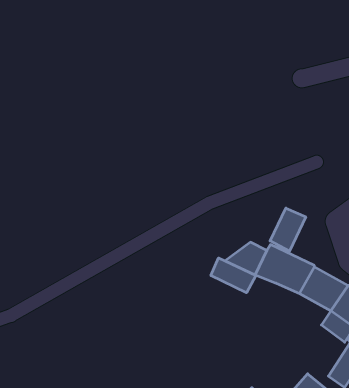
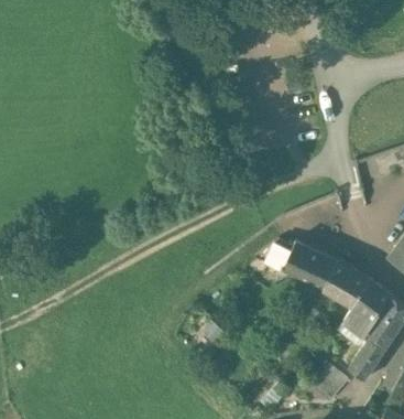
building: [270,208,306,251] -> none
building: [211,258,256,293] -> none

